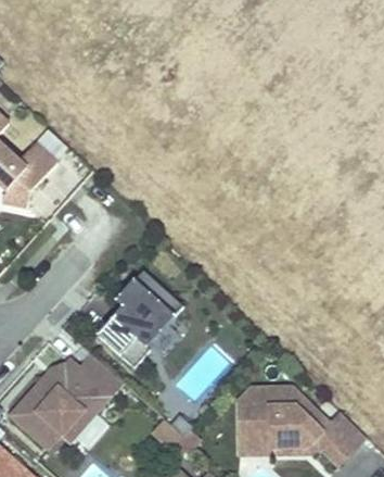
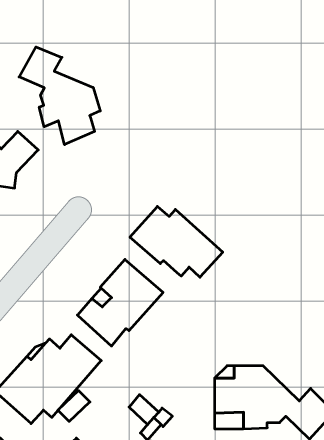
building: none -> [19,47,100,145]
building: none -> [130,206,223,277]

